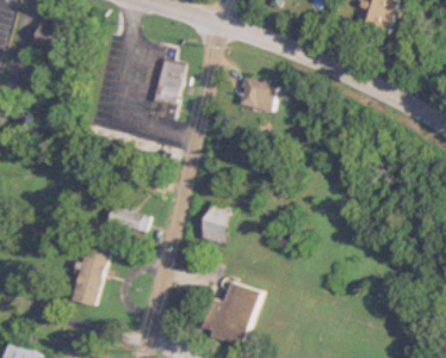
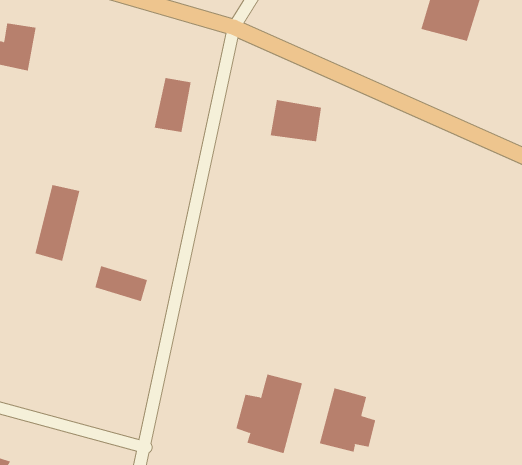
building: [200,202,233,243] -> none
building: [70,247,105,305] -> [35,185,80,261]
building: none -> [319,388,376,452]

